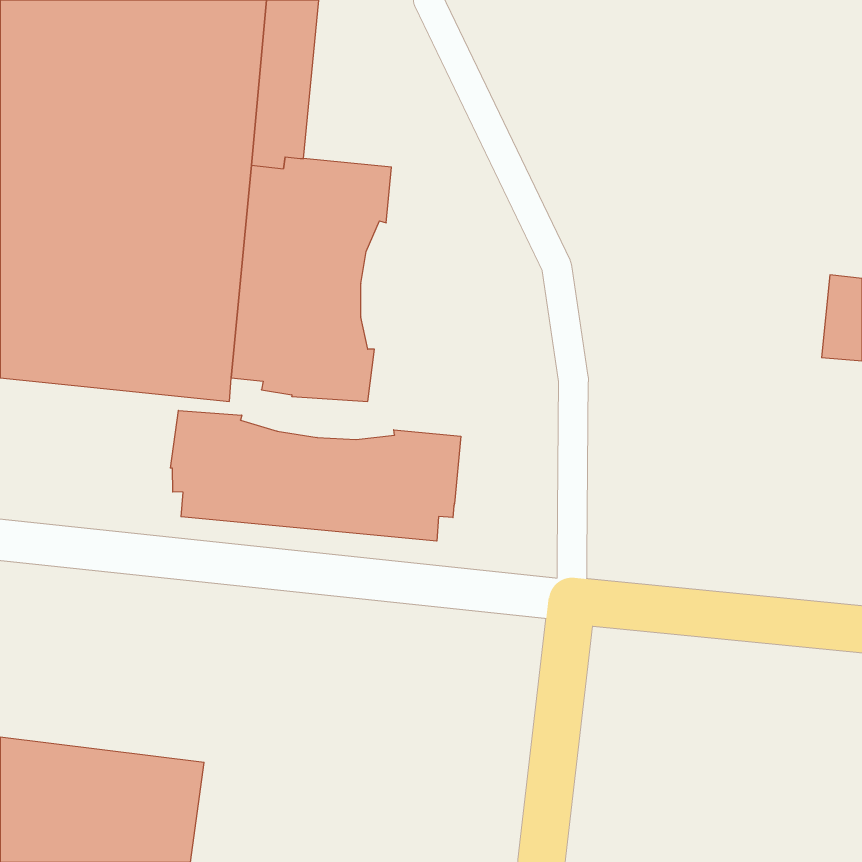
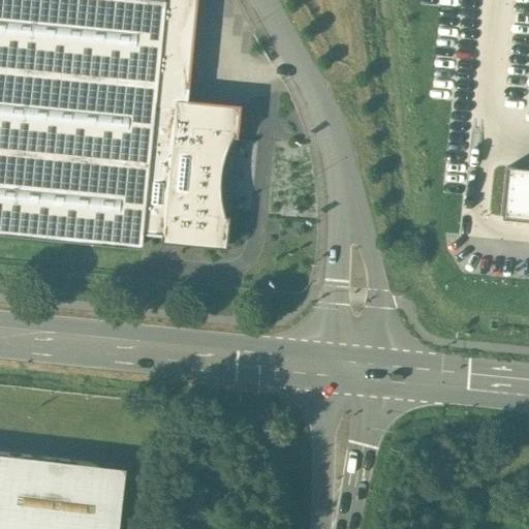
building: [170,410,461,541] -> none

